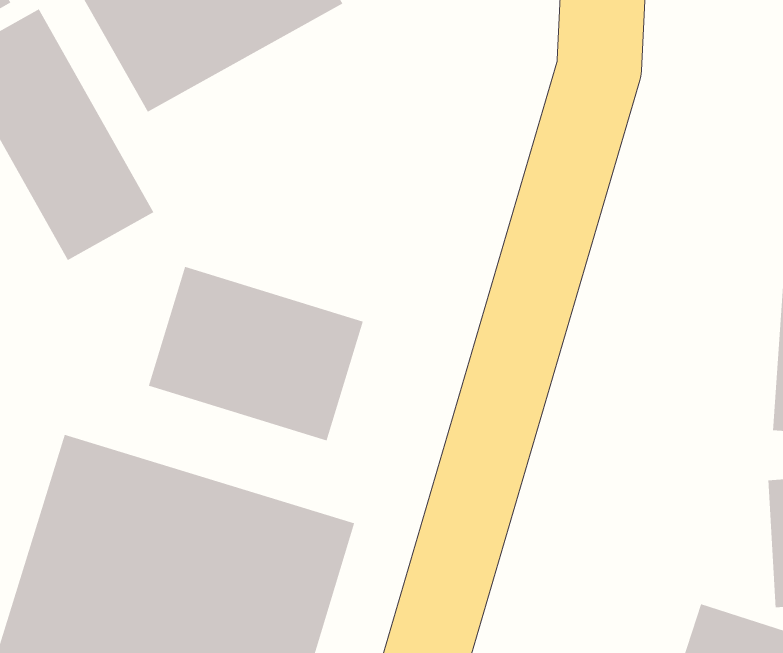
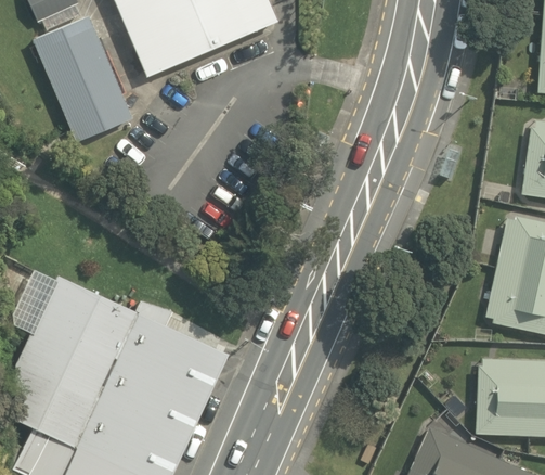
building: [148,266,364,442] -> none

